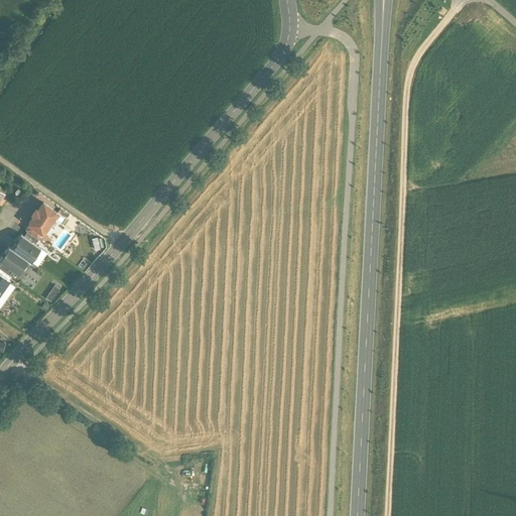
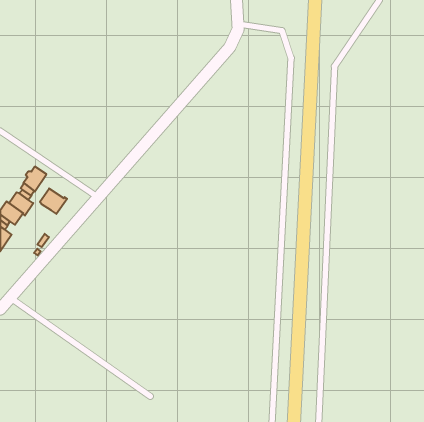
building: none -> [40,188,67,214]

